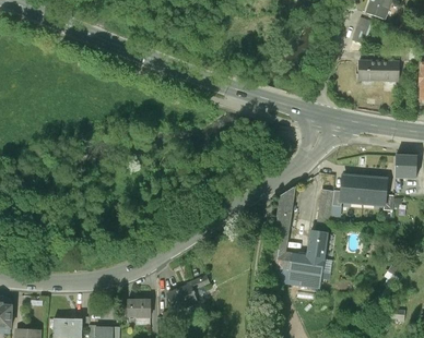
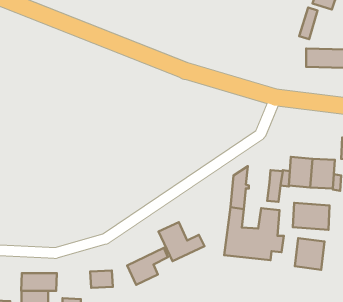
building: none -> [293,203,330,230]
building: none -> [158,222,204,261]
building: none -> [295,238,324,270]
building: none -> [21,273,57,291]

